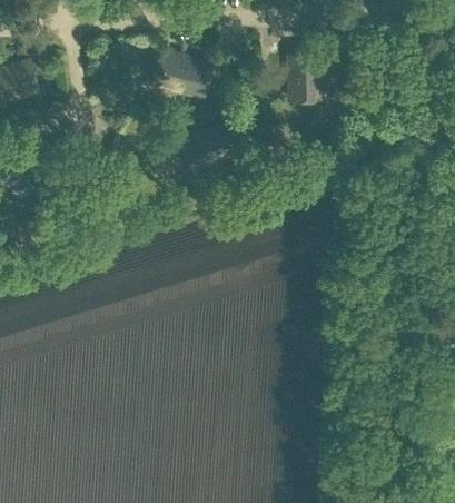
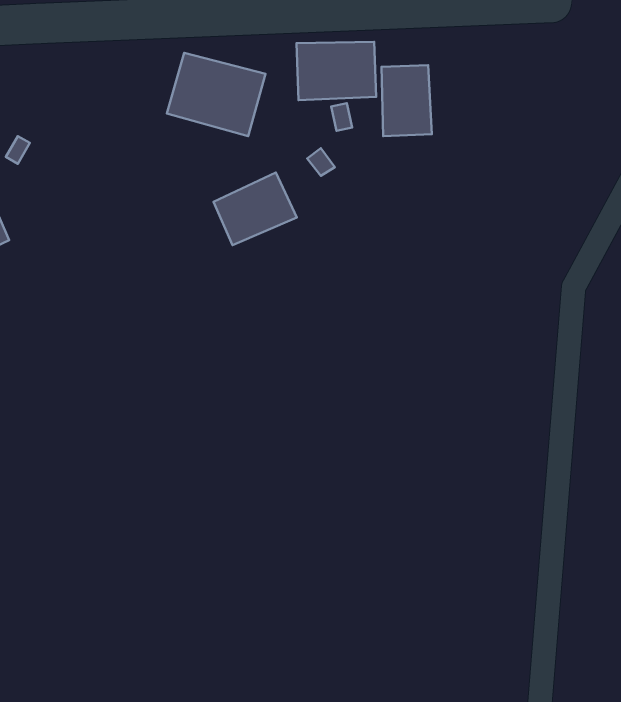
building: none -> [297,42,376,100]

